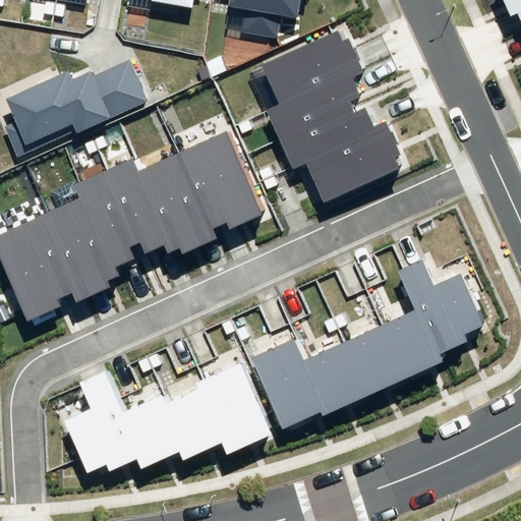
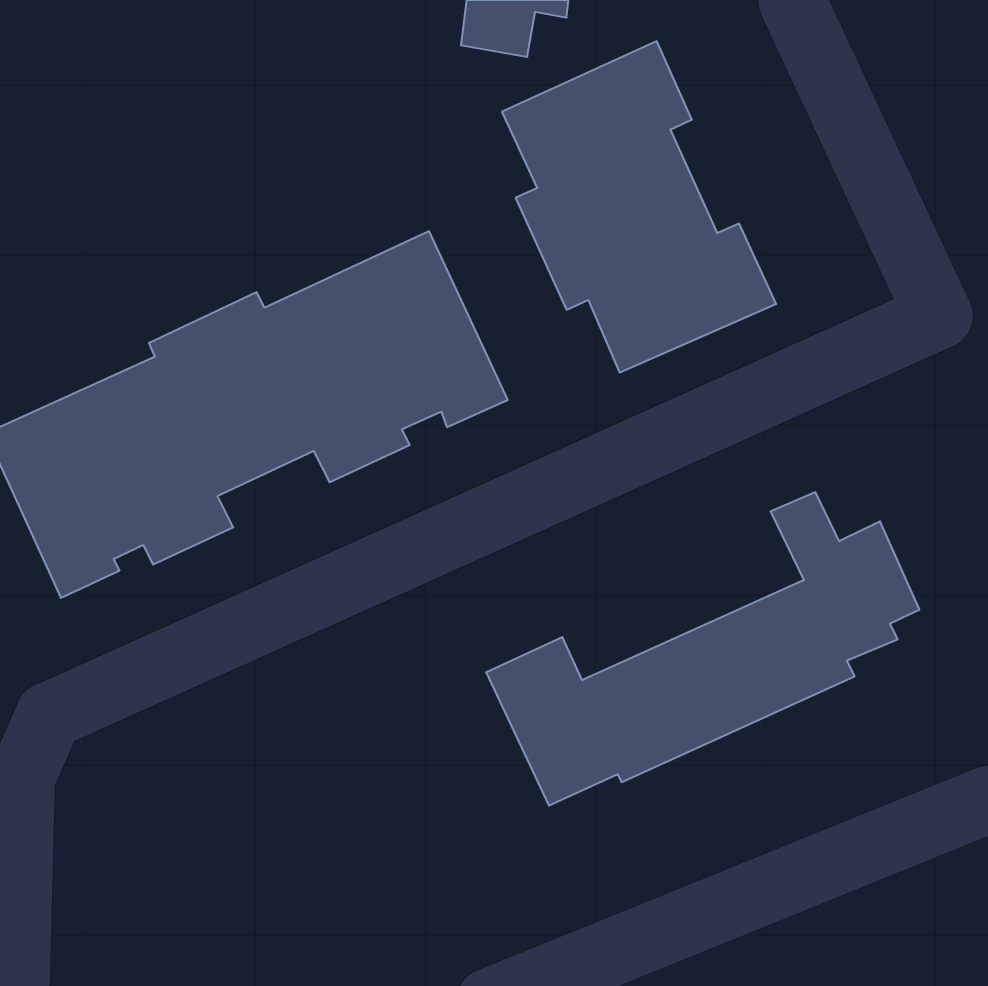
building: [5,64,147,157] -> none
building: [64,363,274,471] -> none

